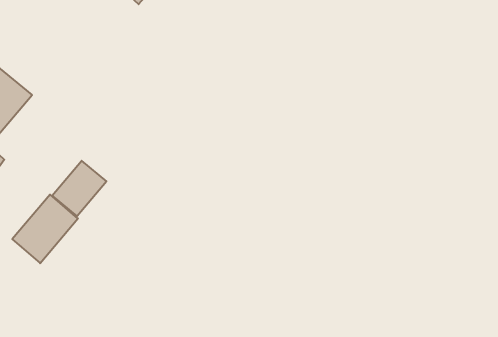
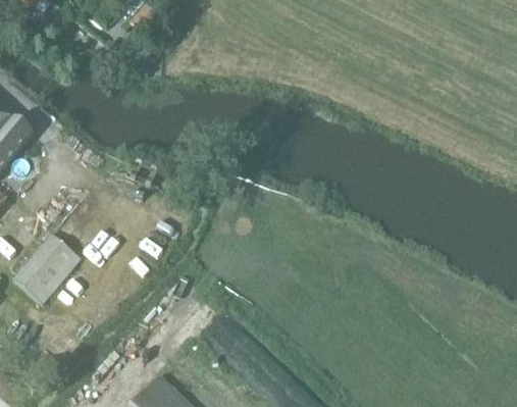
building: [52,161,106,216] -> none

